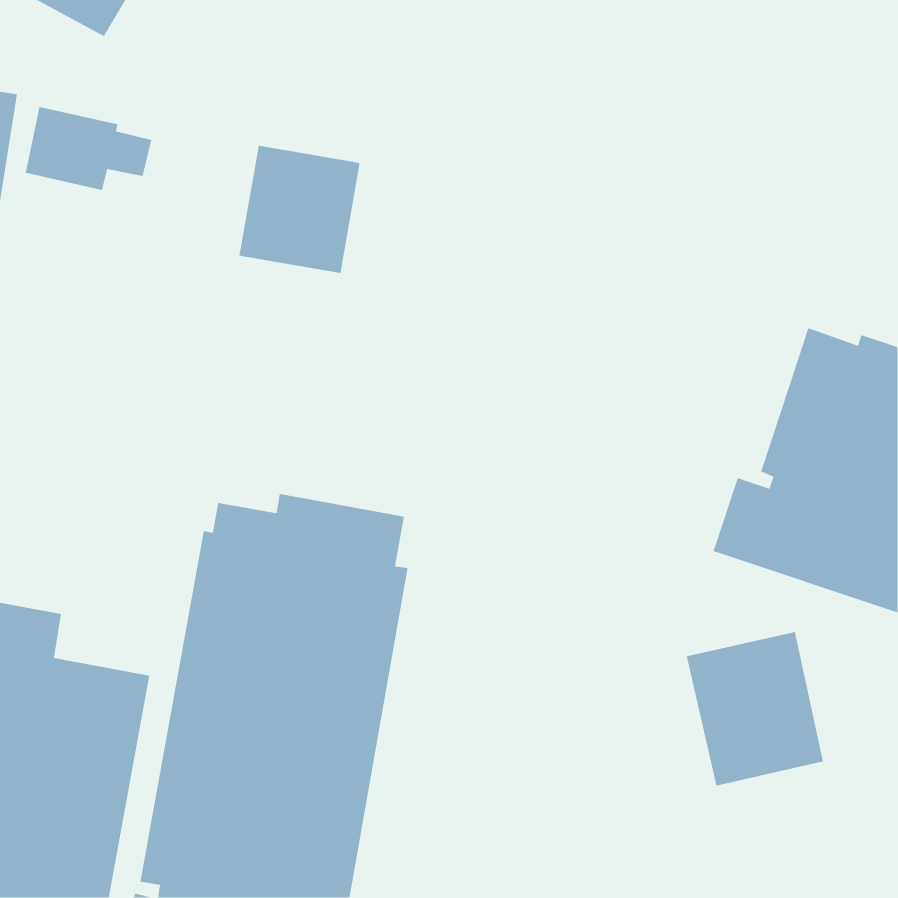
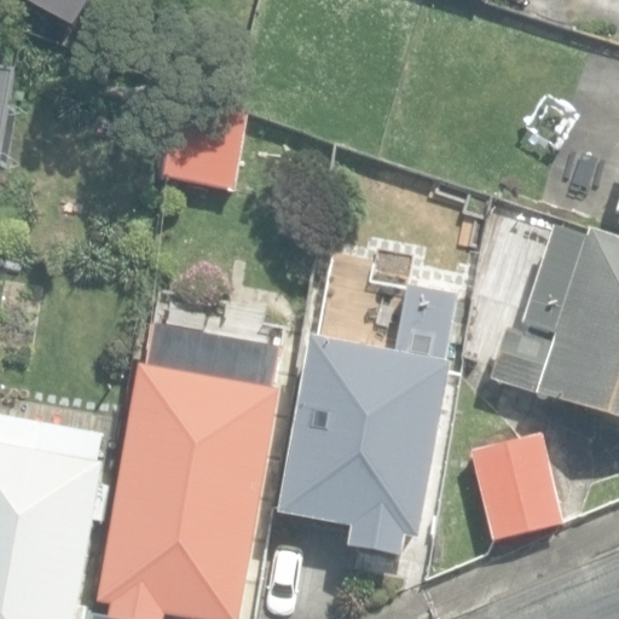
building: none -> [278,284,465,555]

